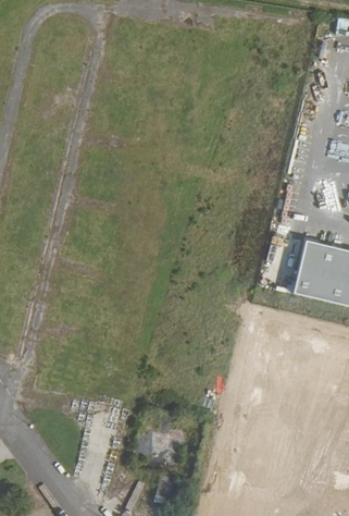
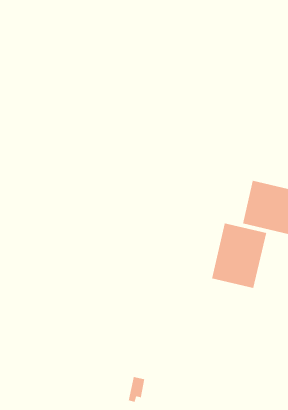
building: none -> [211,223,267,289]

